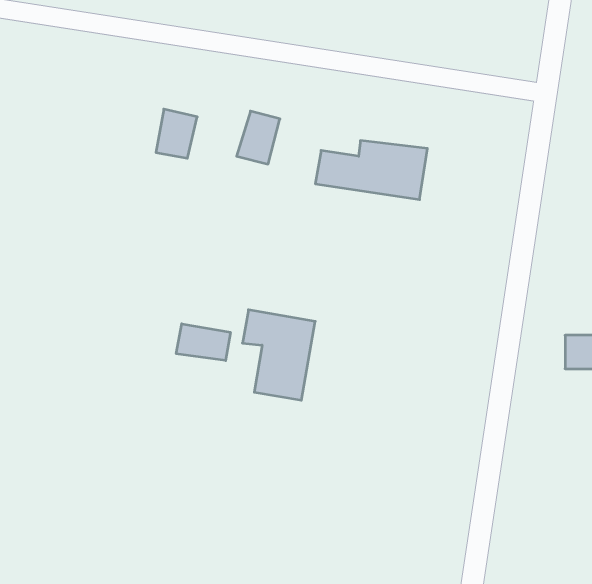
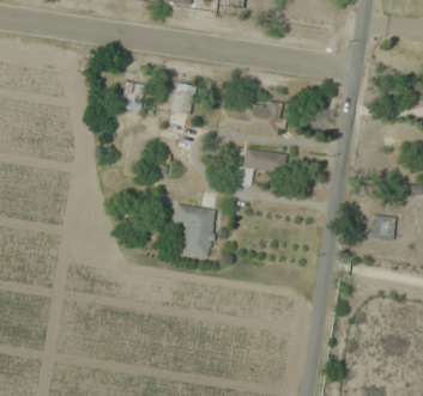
building: none -> [235,147,286,185]
building: [176,324,230,361] -> none

